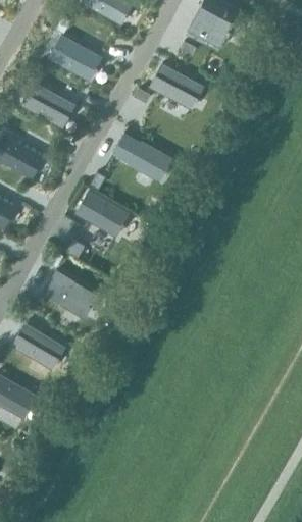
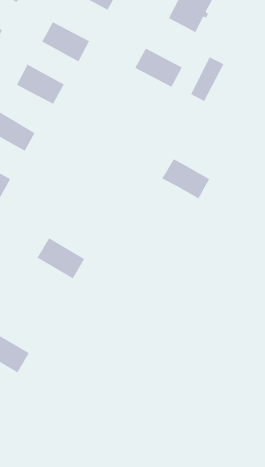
building: none -> [190,56,225,102]
building: [112,134,165,178] -> [161,158,210,200]
building: [77,192,129,237] -> none
building: [12,324,64,370] -> none

